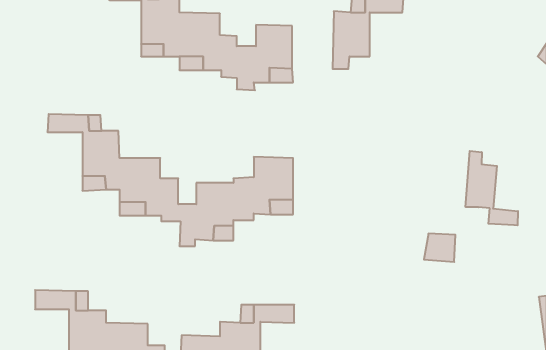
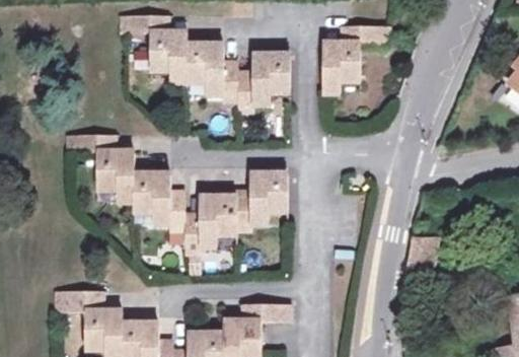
building: [466,151,518,225] -> none

